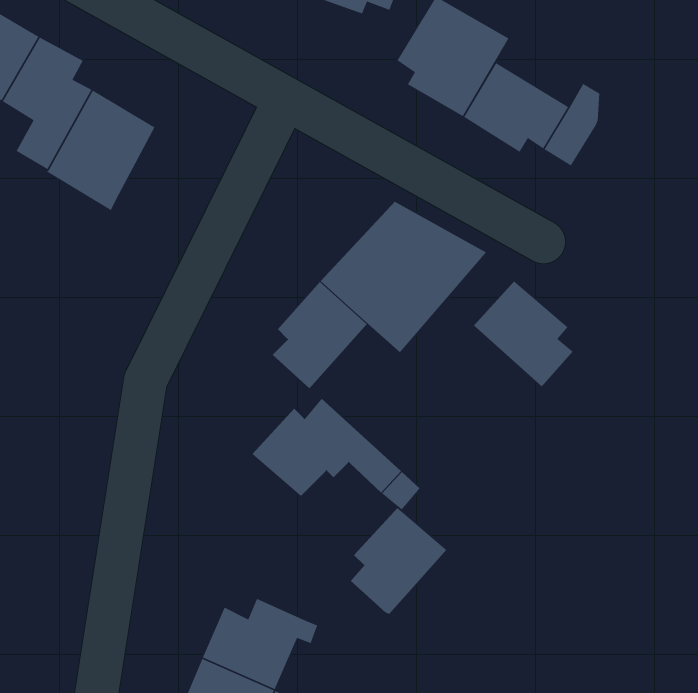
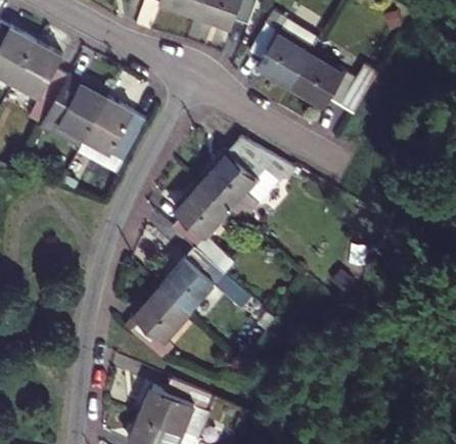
building: none -> [75,94,142,169]
building: [473,280,574,387] -> none
building: [350,507,447,615] -> [132,290,190,354]

